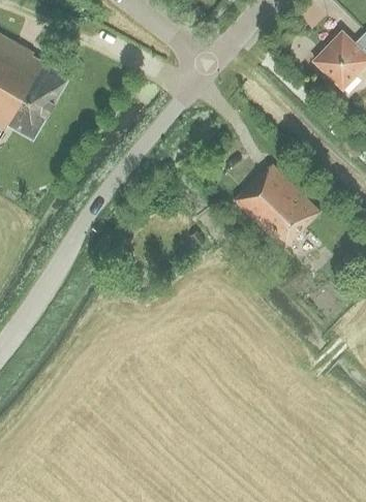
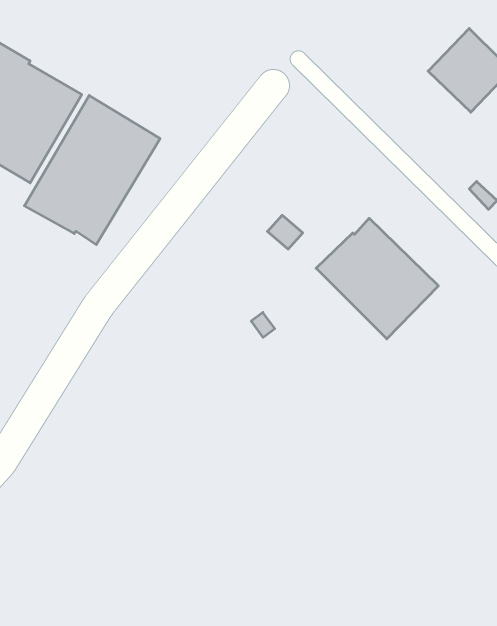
building: none -> [24,95,160,245]

